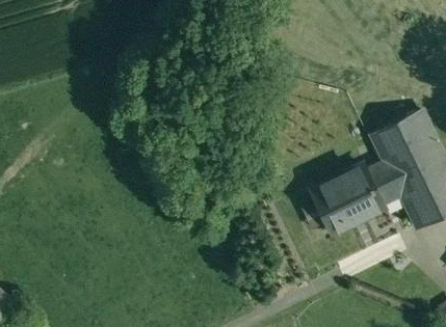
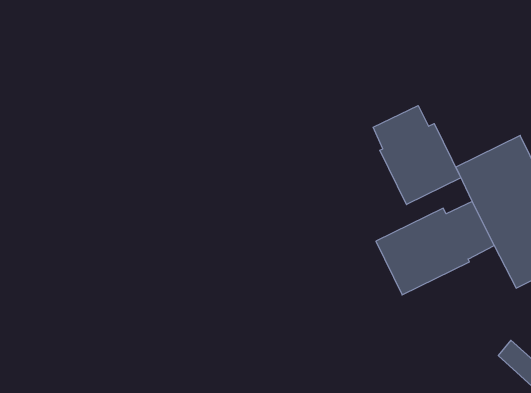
building: none -> [373,106,461,205]

